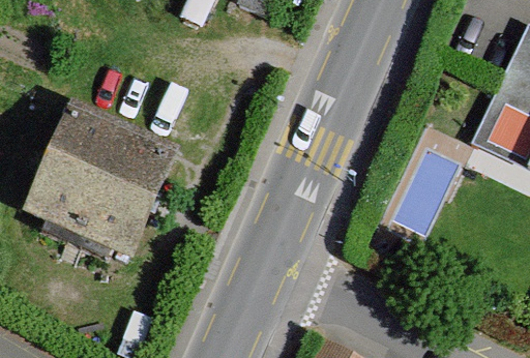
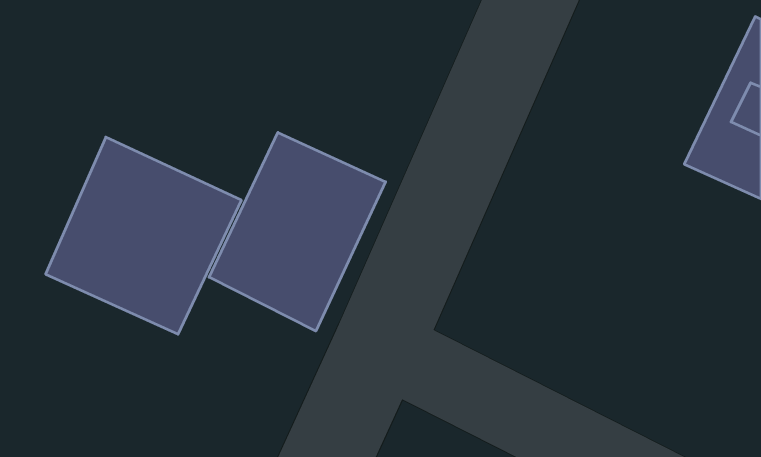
building: none -> [209,132,386,331]

